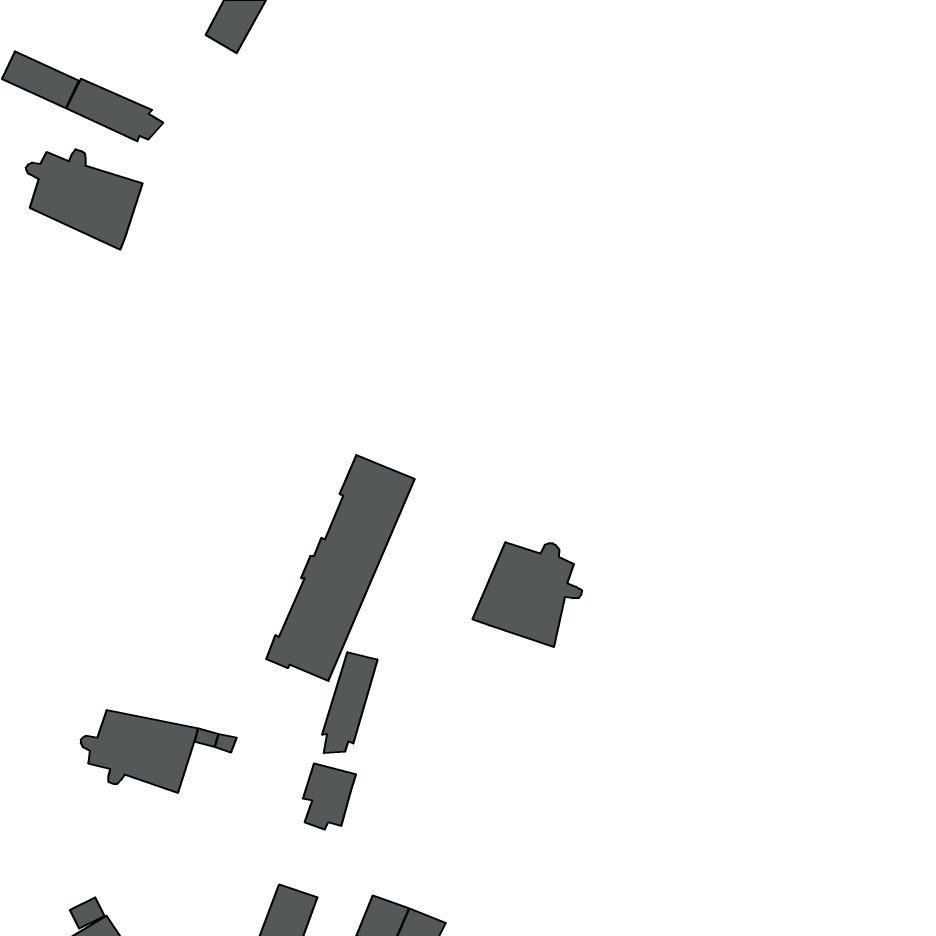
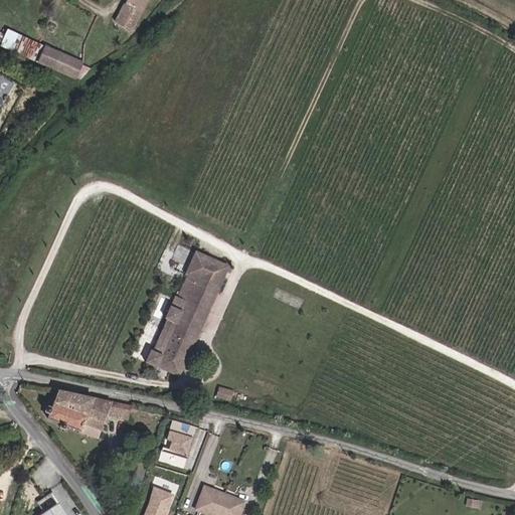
building: [26,149,143,250] -> none
building: [473,542,582,647] -> none
building: [322,652,377,753] -> none

